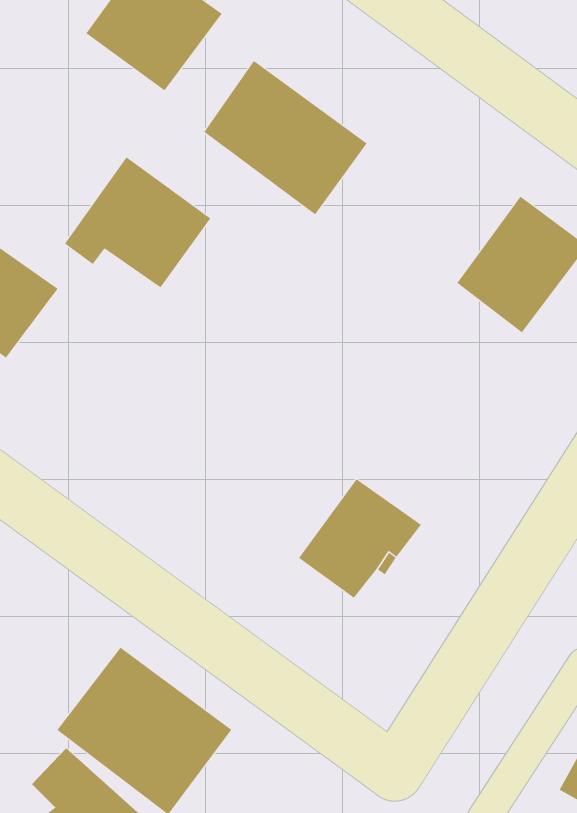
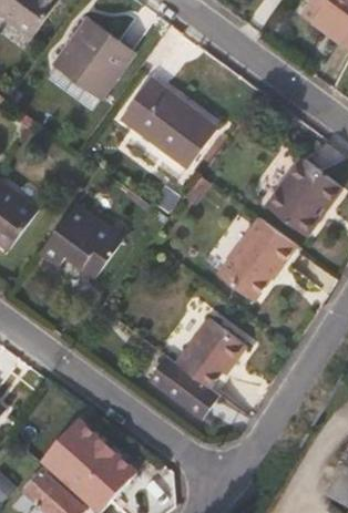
building: [64,156,211,288] -> [38,204,122,279]
building: none -> [218,216,296,297]
building: none -> [151,356,221,417]

